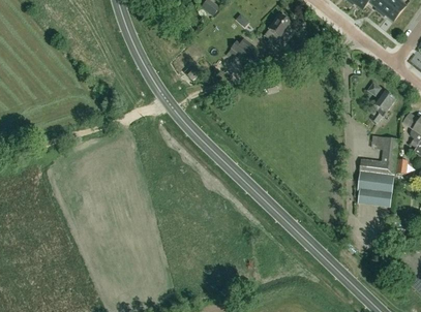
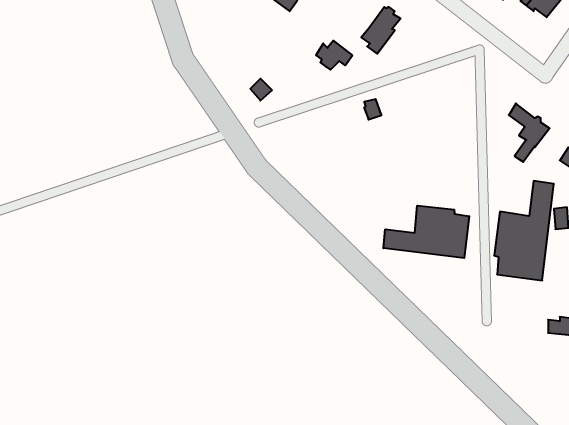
building: none -> [383,206,469,258]

